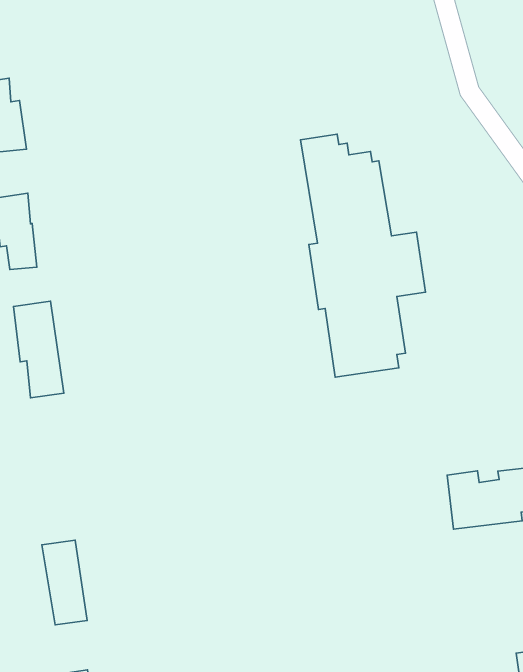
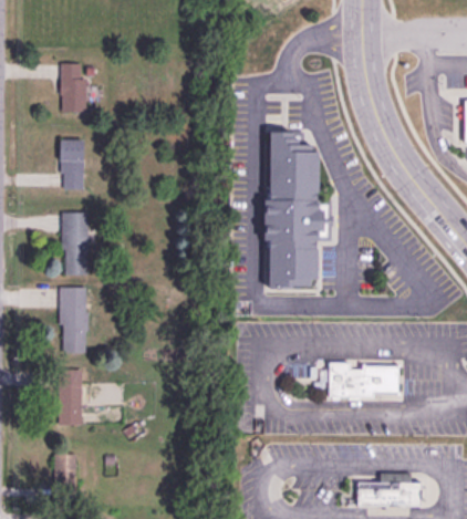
building: none -> [60,288,89,352]

